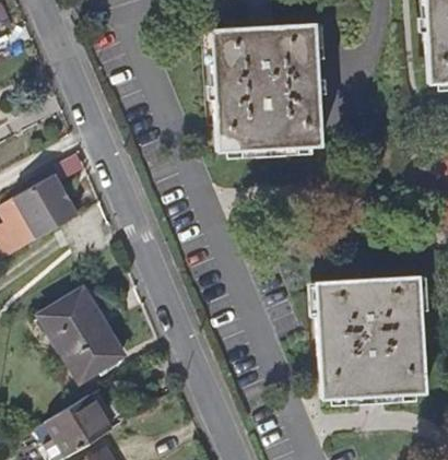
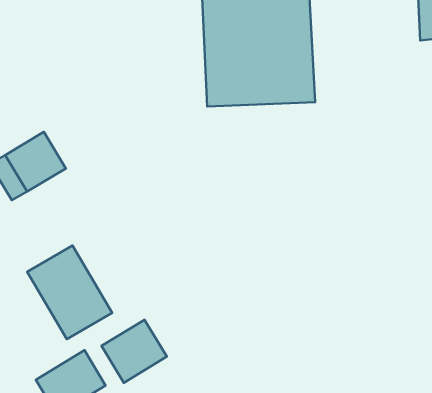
building: [317,275,428,402] -> none
building: none -> [101,320,167,383]

